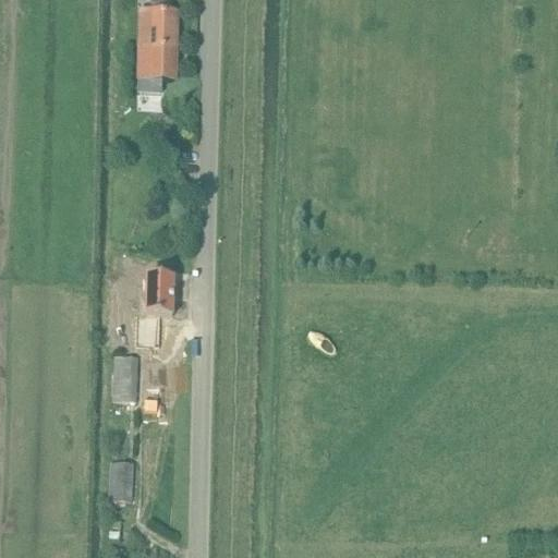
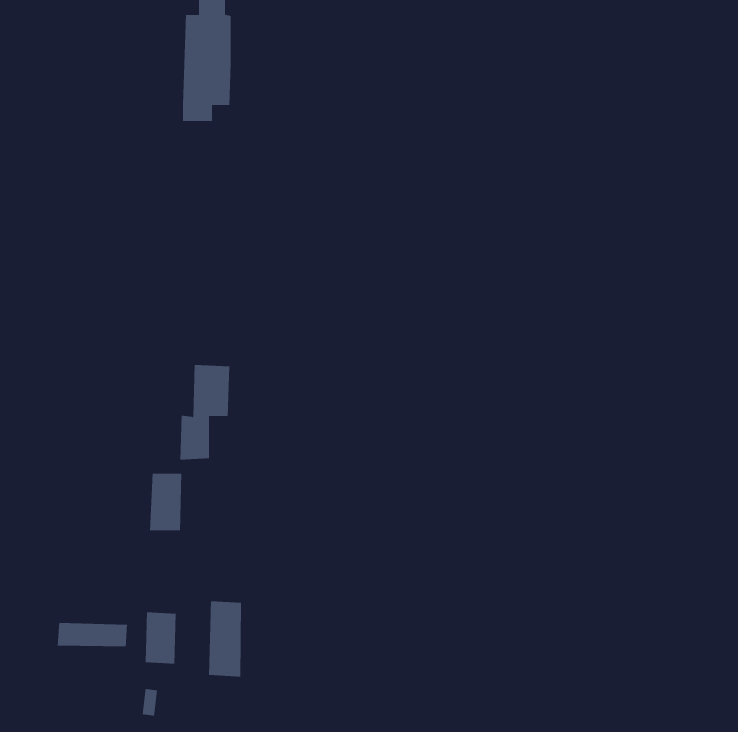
building: none -> [208,600,242,677]
building: none -> [57,622,128,647]

